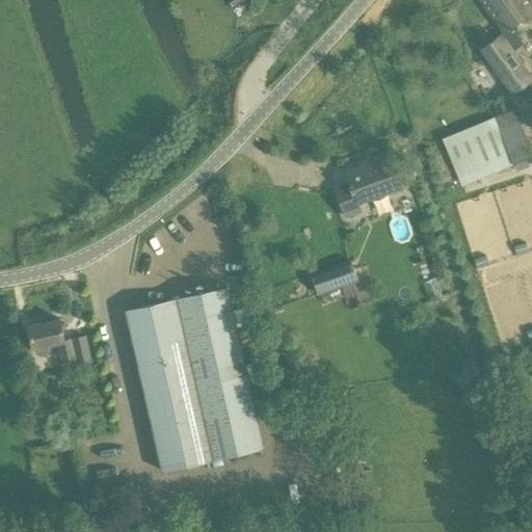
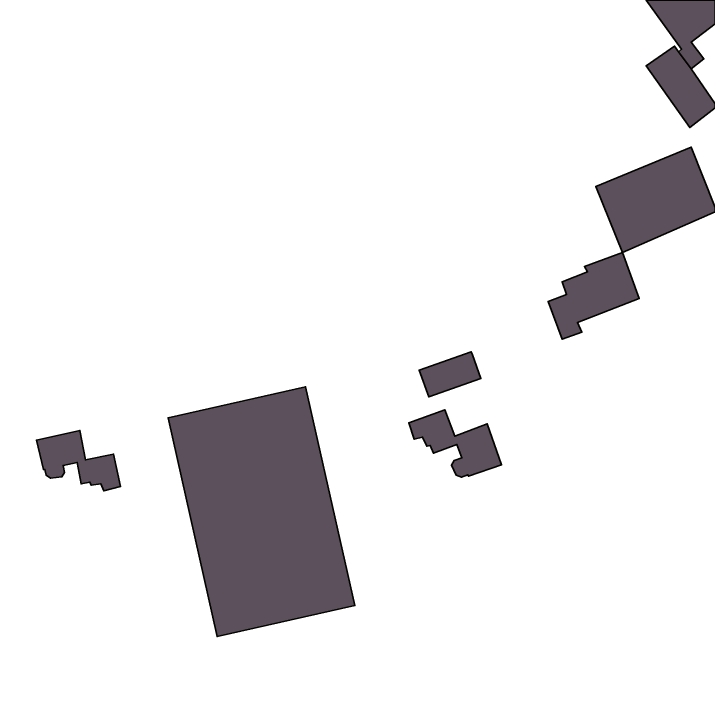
building: [335,153,402,217] -> [548,252,639,339]
building: none -> [409,410,502,477]

